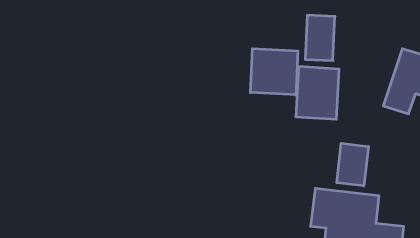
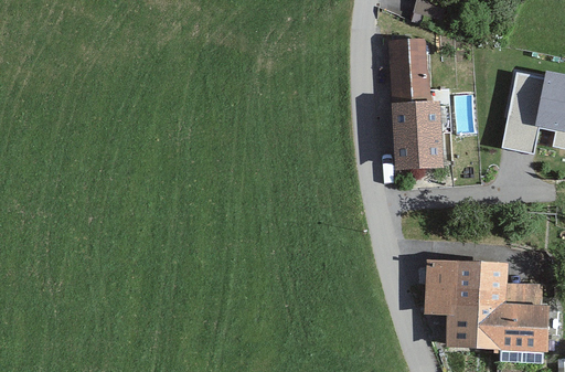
building: [250,49,298,95] -> none
building: [337,143,368,186] -> none

